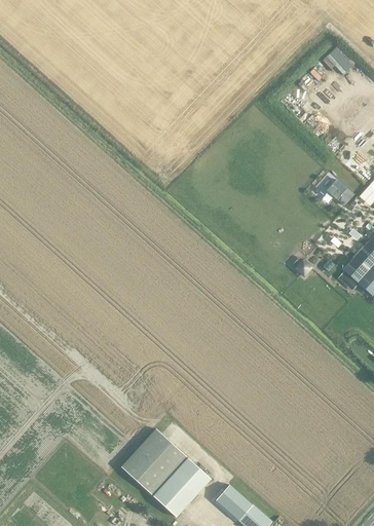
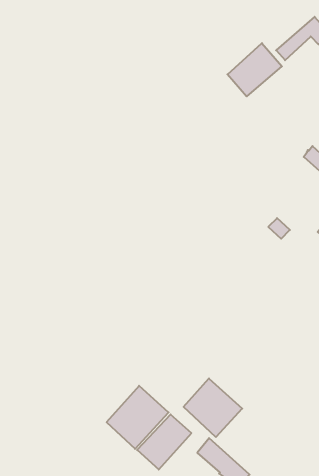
building: none -> [227,43,282,96]
building: none -> [184,378,242,437]

